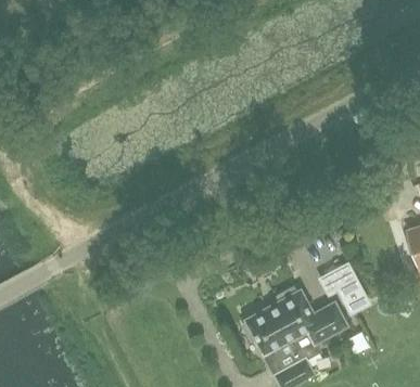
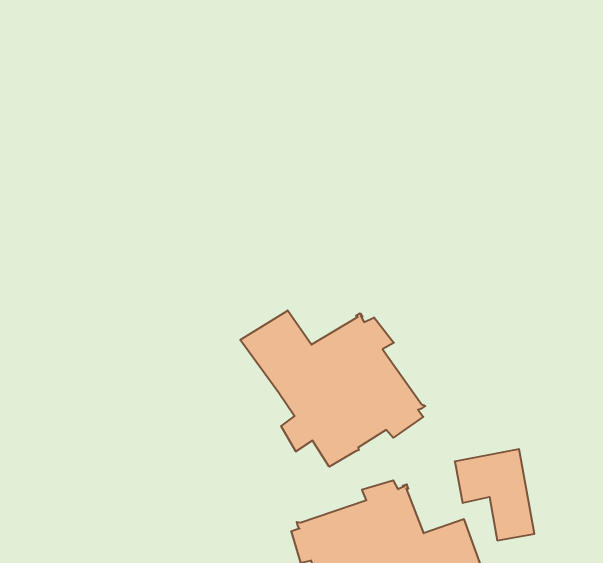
building: none -> [240,310,425,467]

